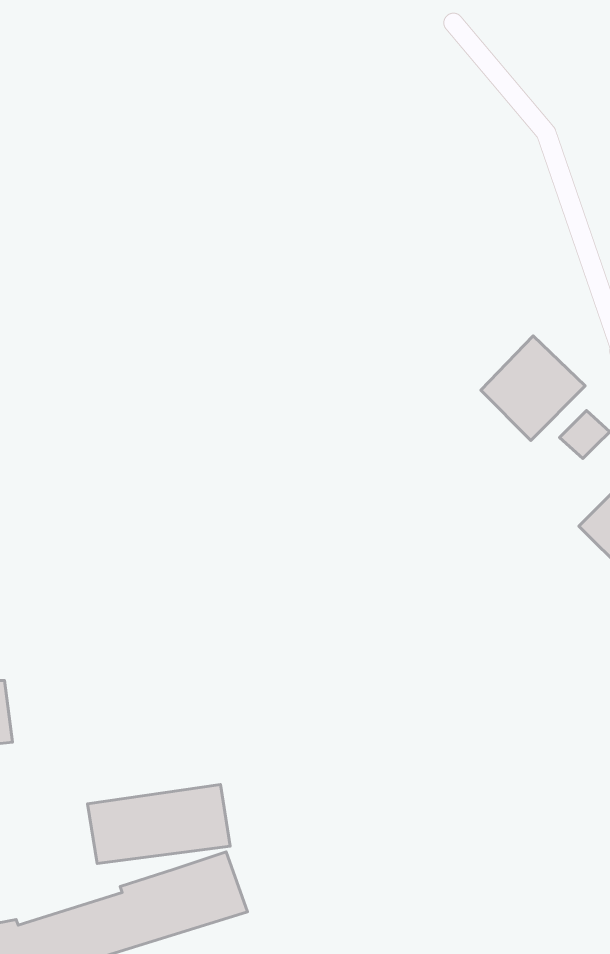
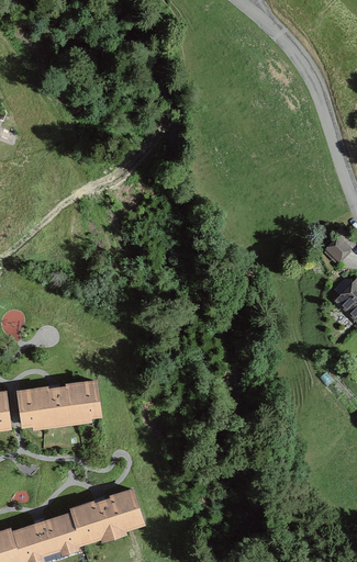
building: [481,336,585,440] -> none
building: [88,784,230,864] -> [19,380,100,425]

